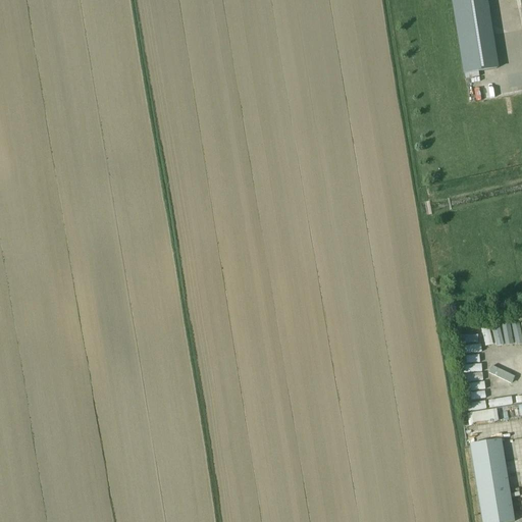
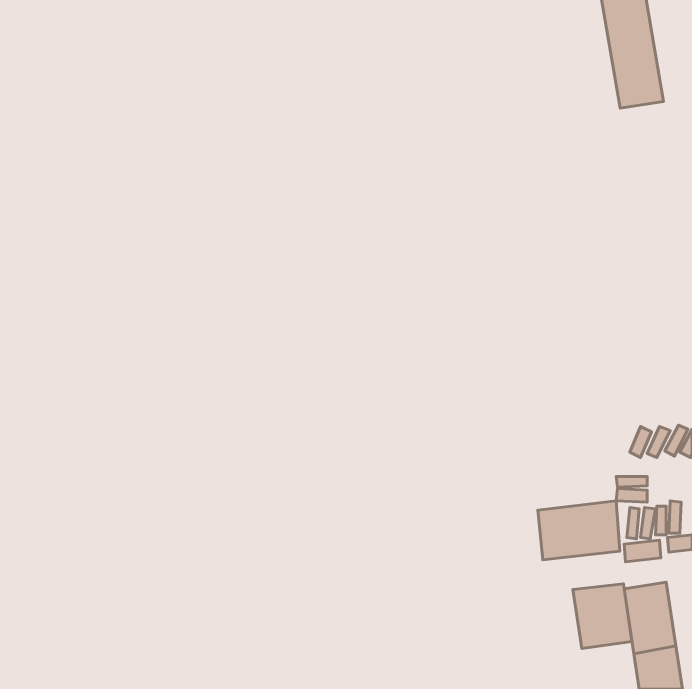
building: none -> [538,501,620,560]
building: none -> [573,584,632,648]

